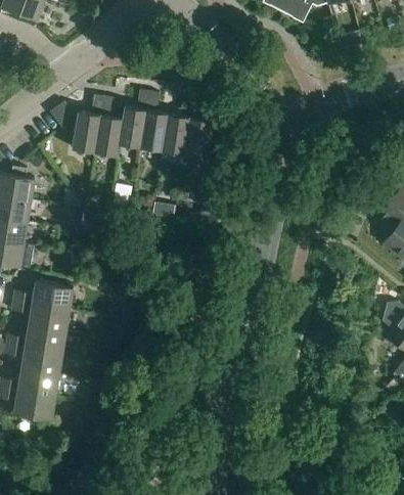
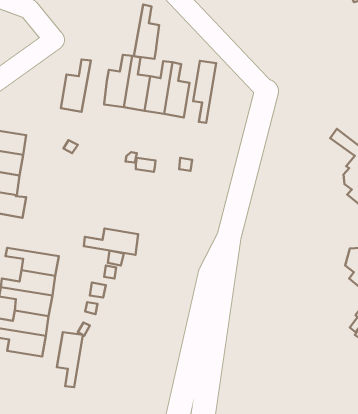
building: [94,96,122,155] -> [134,5,159,59]
building: none -> [193,61,216,123]
building: [13,281,73,310] -> [84,229,138,255]
building: none -> [57,332,83,387]

